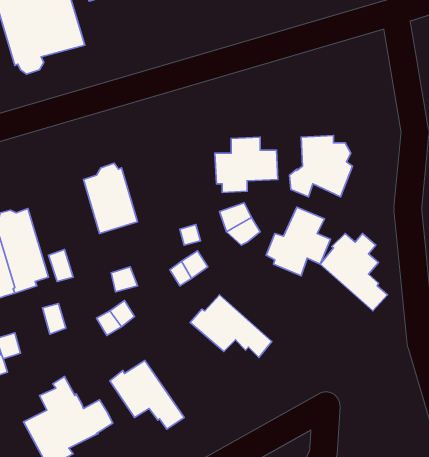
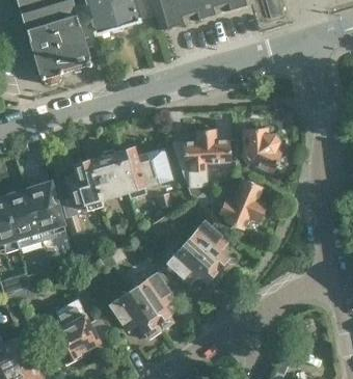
building: none -> [117,147,171,196]
building: none -> [65,160,103,210]
building: [320,233,387,311] -> [187,220,235,275]
building: none -> [134,271,174,329]

